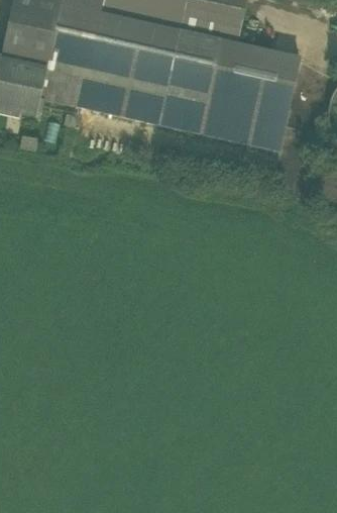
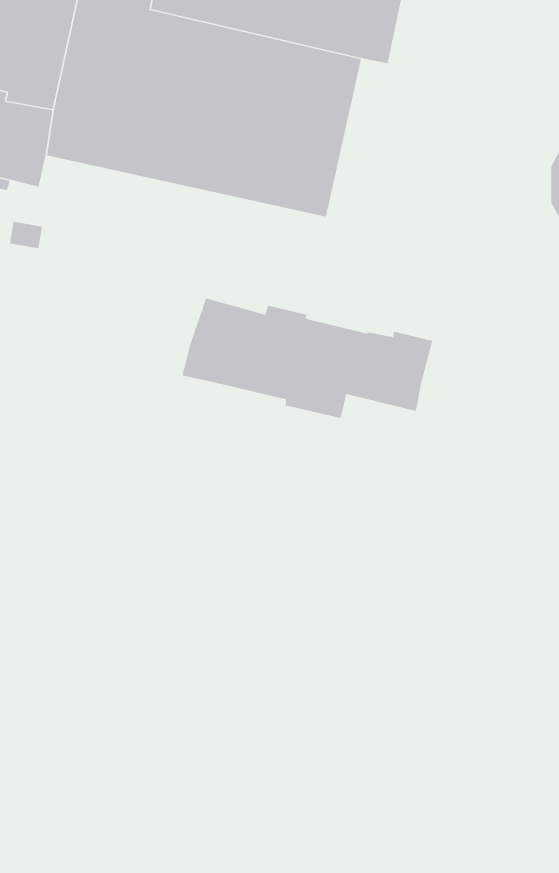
building: [201,40,300,149] -> none
building: none -> [182,298,434,419]

